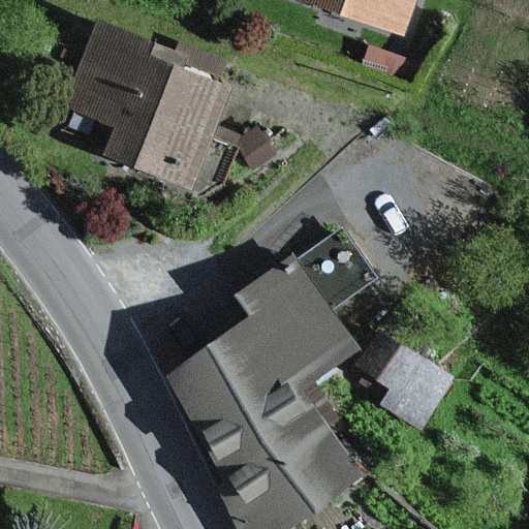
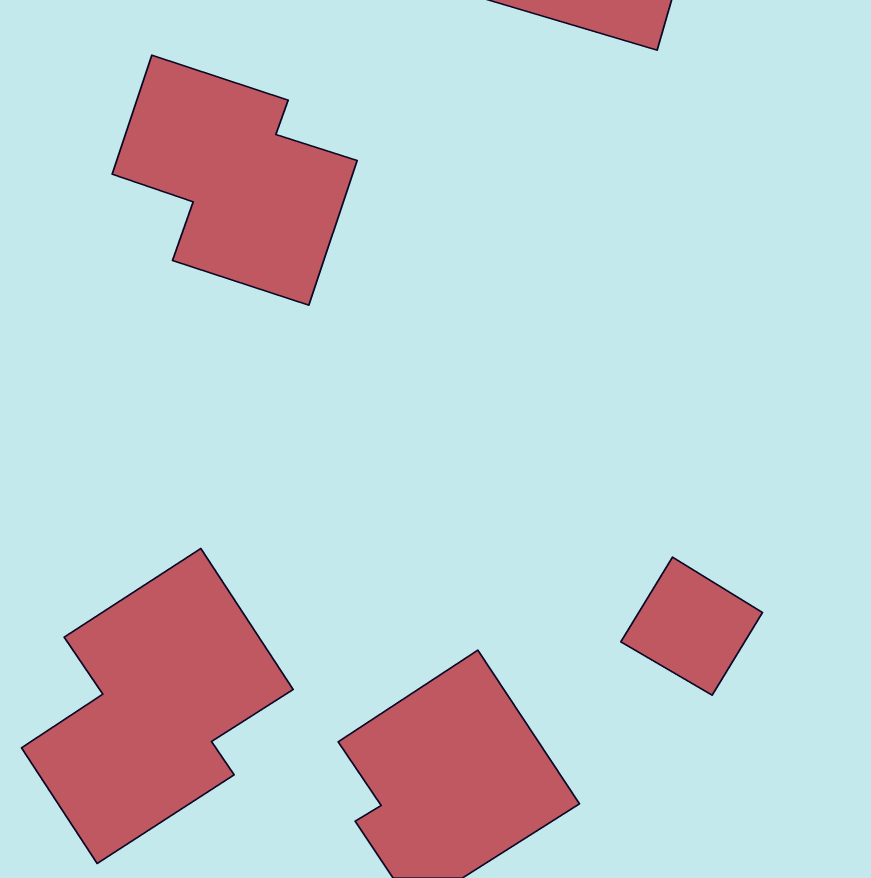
building: [170,235,374,444] -> none
building: none -> [22,549,293,864]

